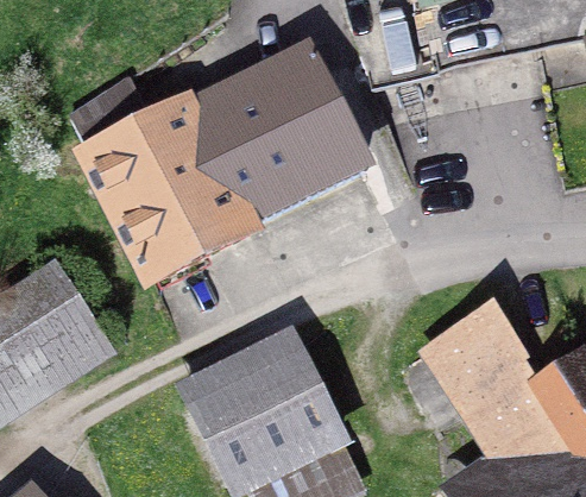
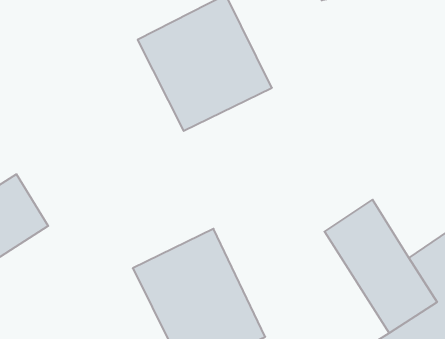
building: [71,70,252,268] -> none

